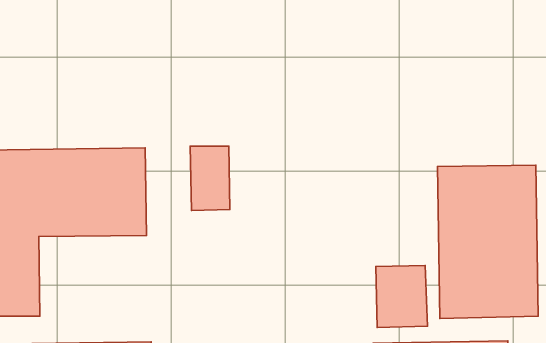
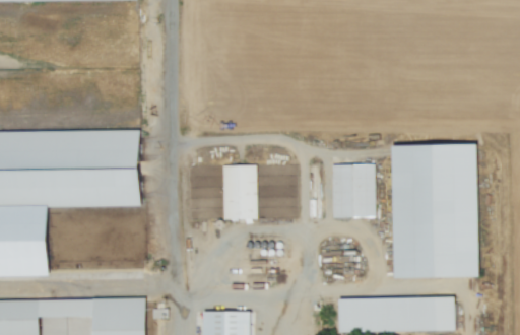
building: [190,146,230,211] -> [221,165,256,221]
building: [376,265,427,327] -> [330,164,375,218]

